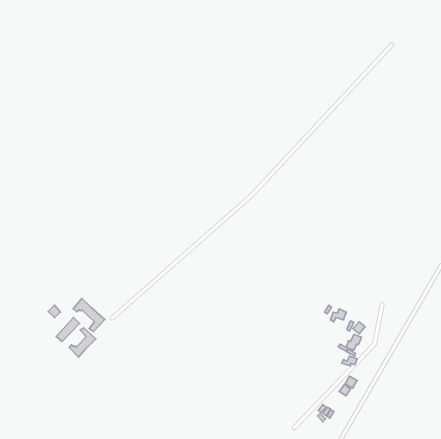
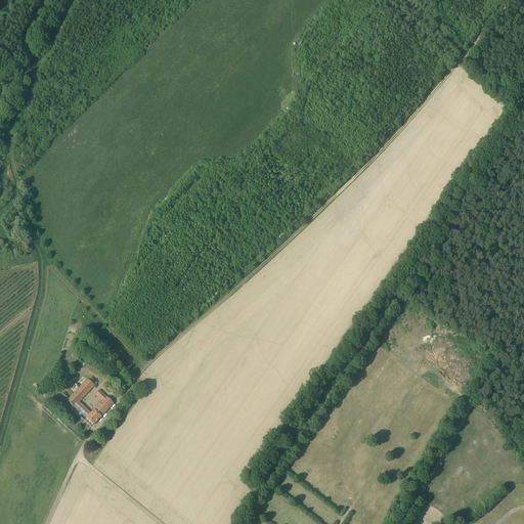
building: [73,299,105,331] -> none

